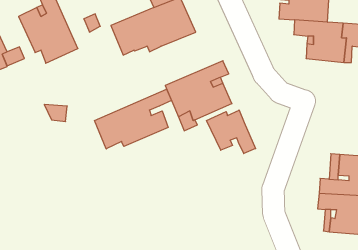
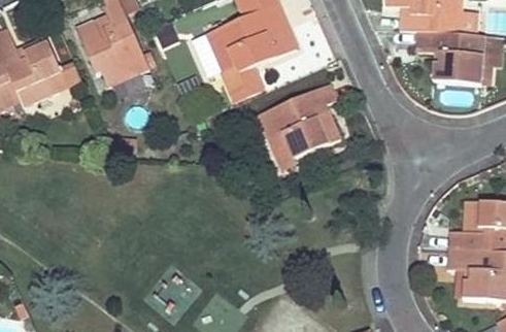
building: none -> [221,64,265,102]
building: [94,89,172,149] -> none
building: [207,110,256,154] -> none

